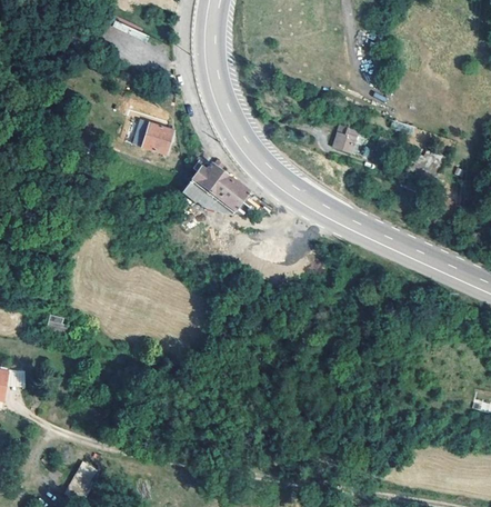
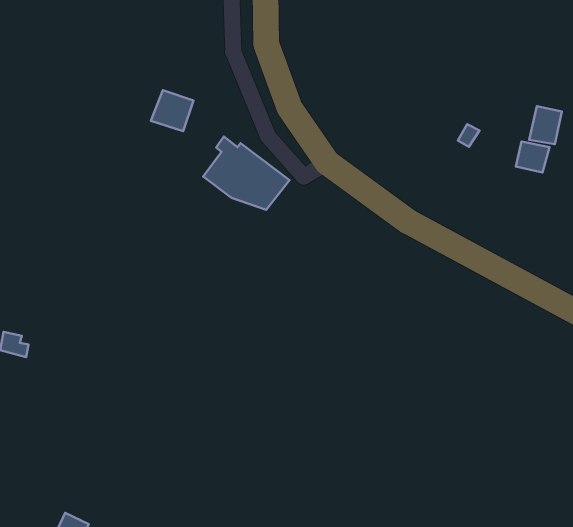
building: [333,117,362,150] -> none
building: none -> [529,106,562,144]

